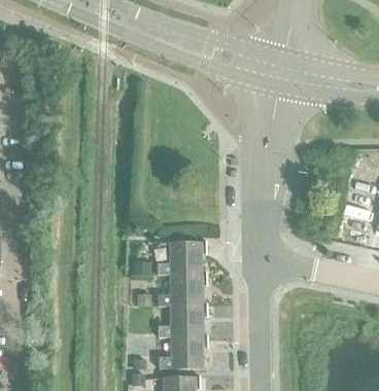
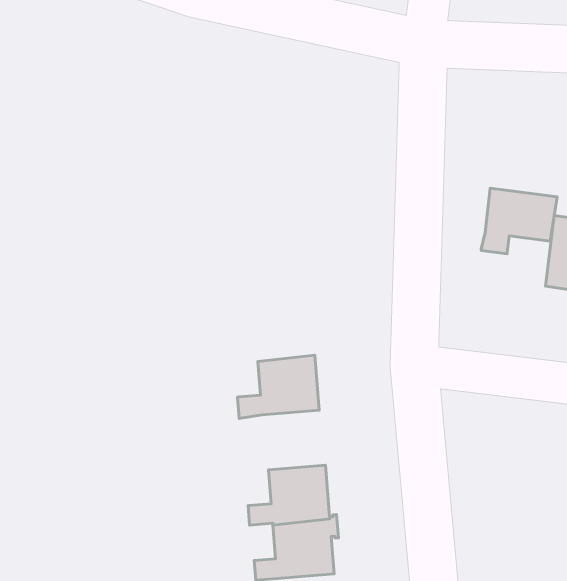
building: none -> [481,188,557,254]
building: [158,275,208,307] -> none

